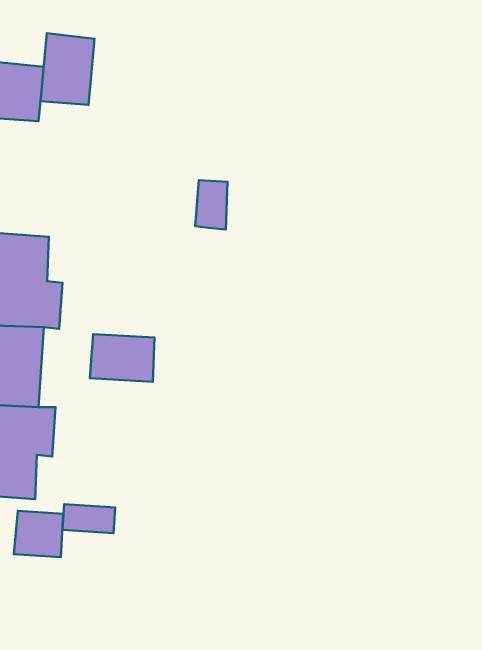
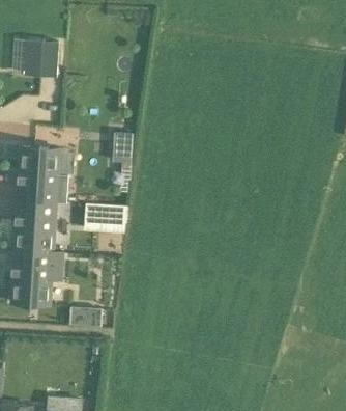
building: [41,33,94,105] -> none
building: [195,180,228,230] -> [114,132,134,162]
building: [14,511,63,557] -> none

